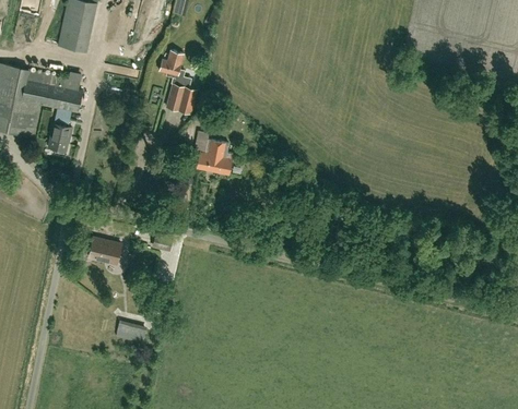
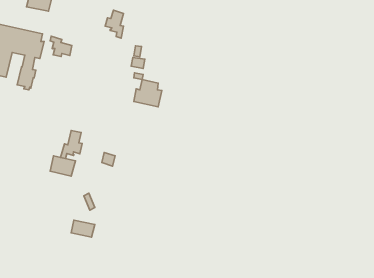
building: none -> [50,36,72,57]
building: [166,84,197,113] -> none
building: none -> [60,131,82,158]

